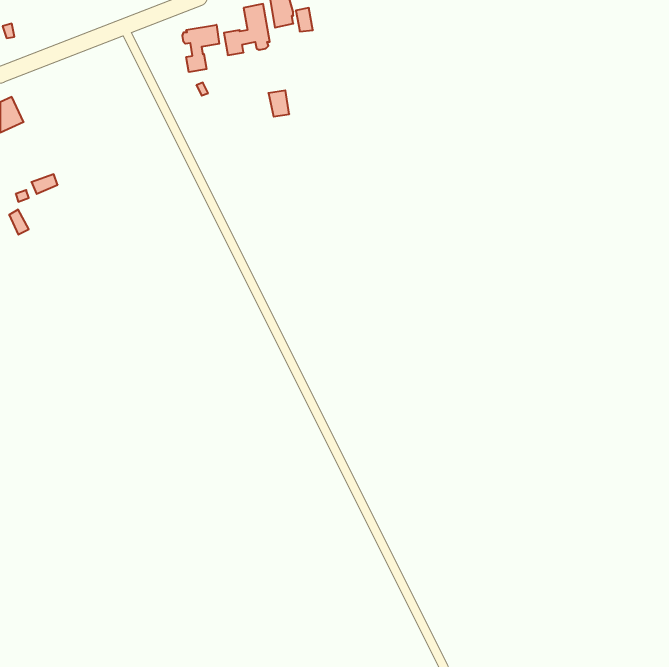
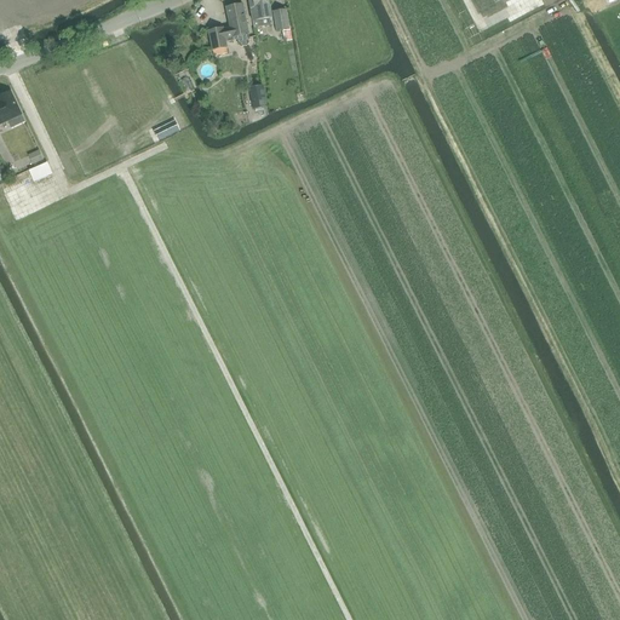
building: [183,25,219,72] -> none

